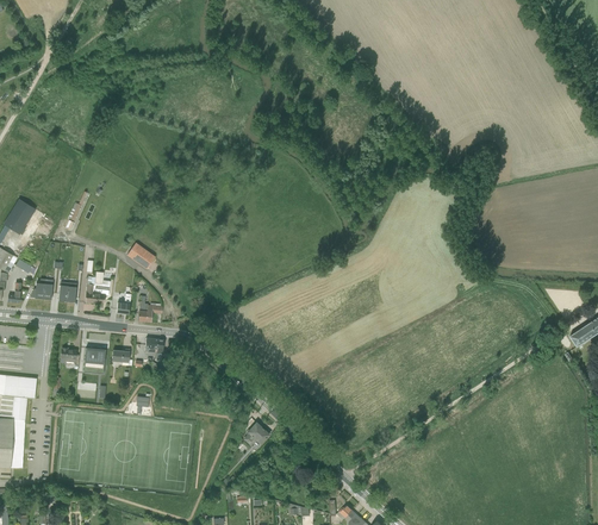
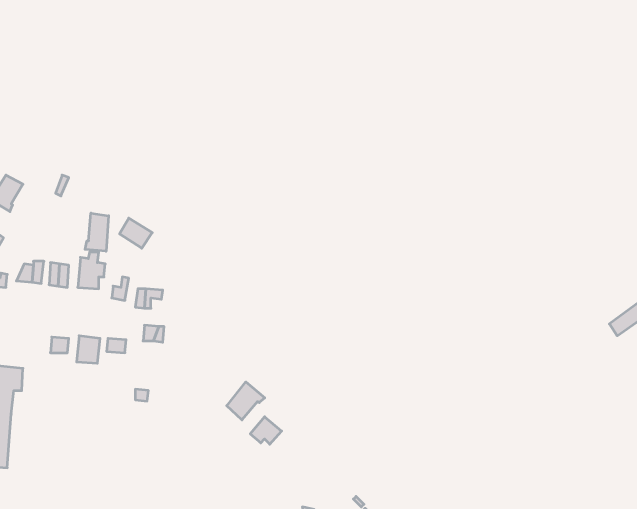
building: none -> [85,213,109,251]
building: none -> [227,382,265,420]

